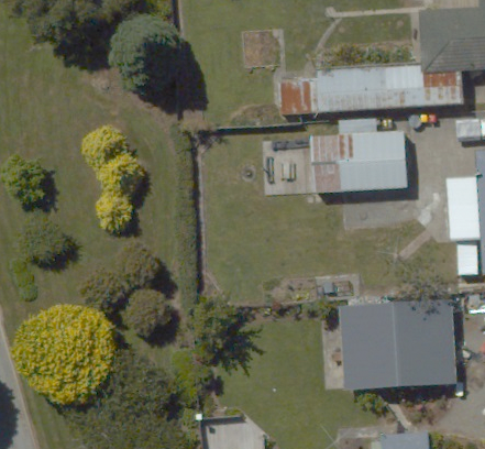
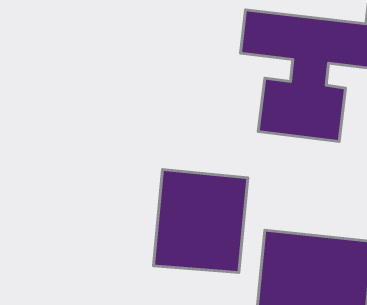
building: none -> [154,170,248,273]

